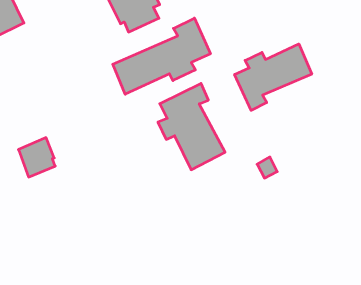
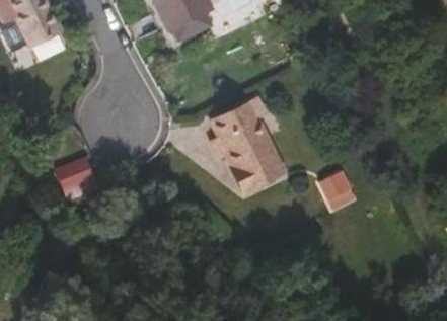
building: [113,18,210,94] -> none
building: [235,44,312,110] -> none

